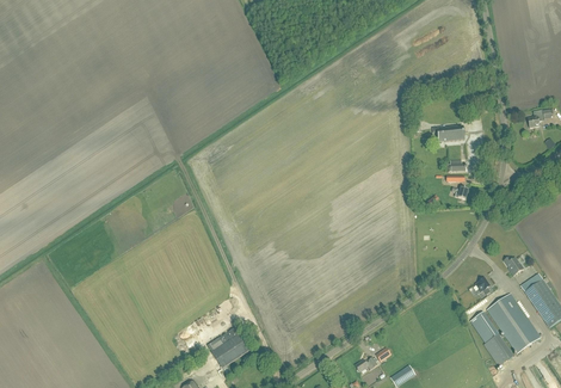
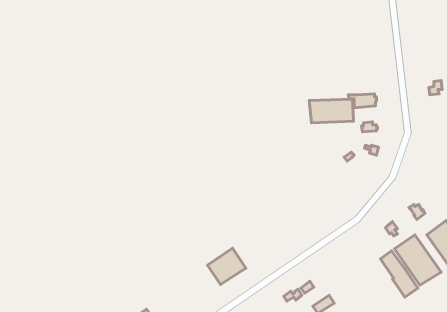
building: none -> [309,99,354,123]
building: [205,325,251,368] -> [207,248,246,284]

